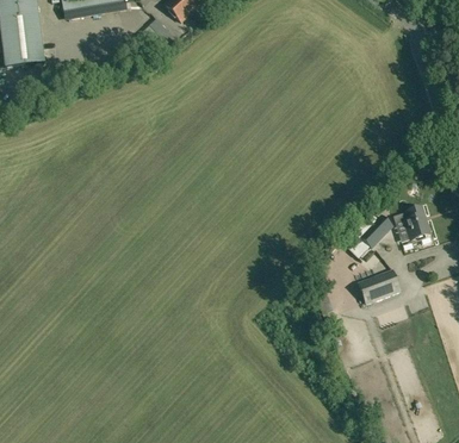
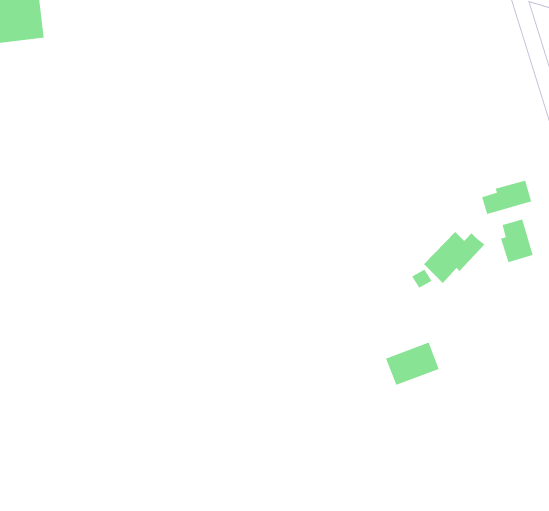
building: none -> [482,180,532,215]
building: [358,269,401,304] -> [385,342,440,386]

